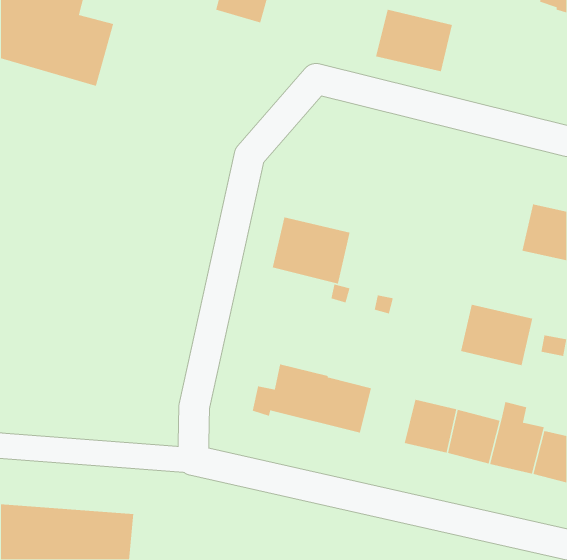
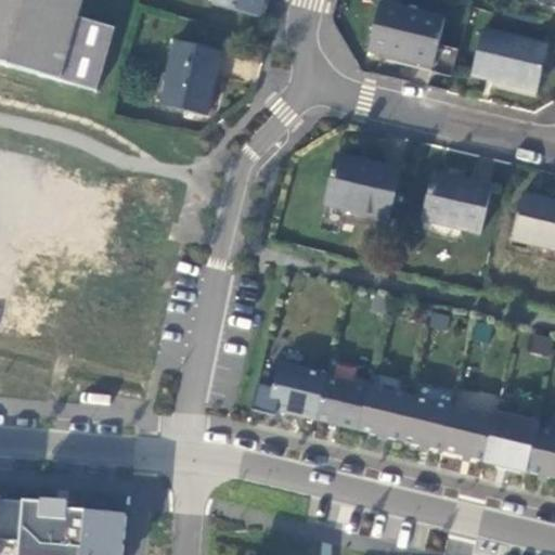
building: none -> [470,35,547,98]
building: none -> [158,47,218,121]
building: [272,217,351,284] -> [322,159,399,225]
building: [460,304,533,366] -> [420,177,491,237]
building: none -> [352,378,405,433]

